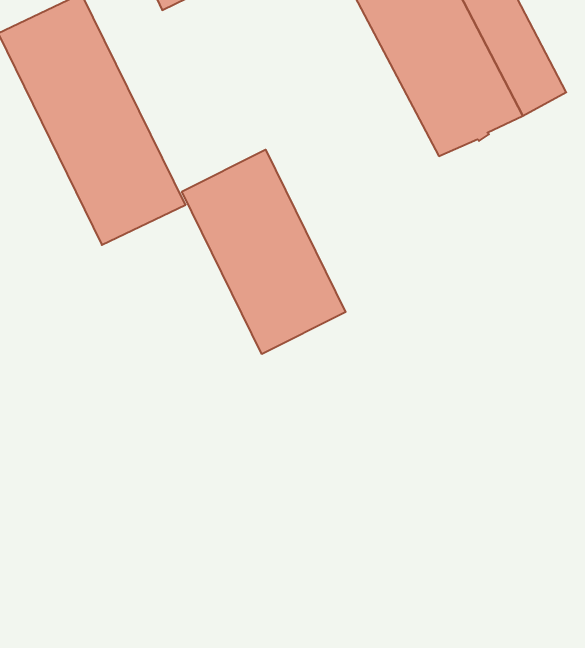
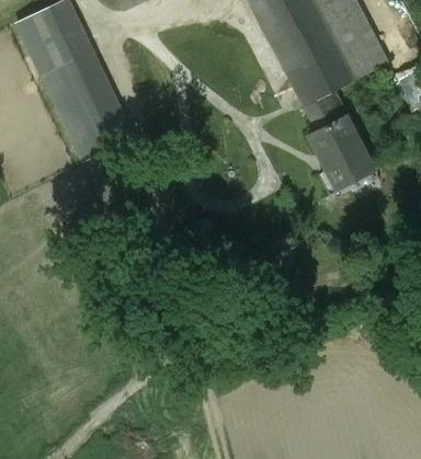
building: none -> [301,93,373,194]
building: [182,150,346,354] -> none

